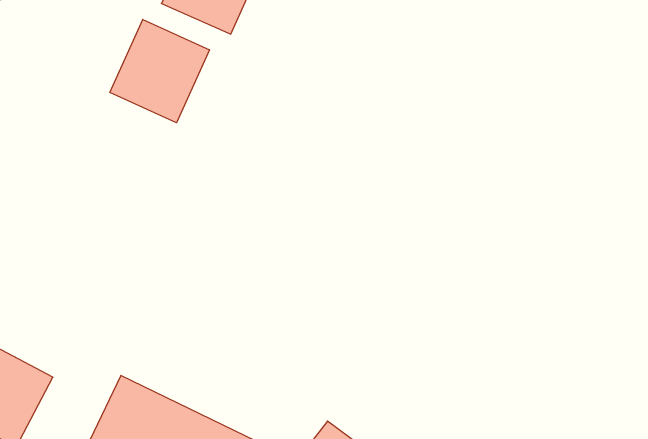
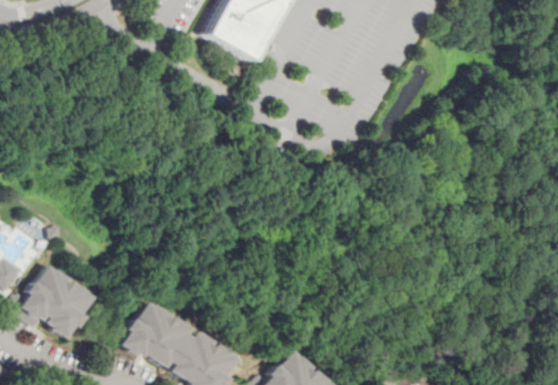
building: [110,19,209,123] -> none

